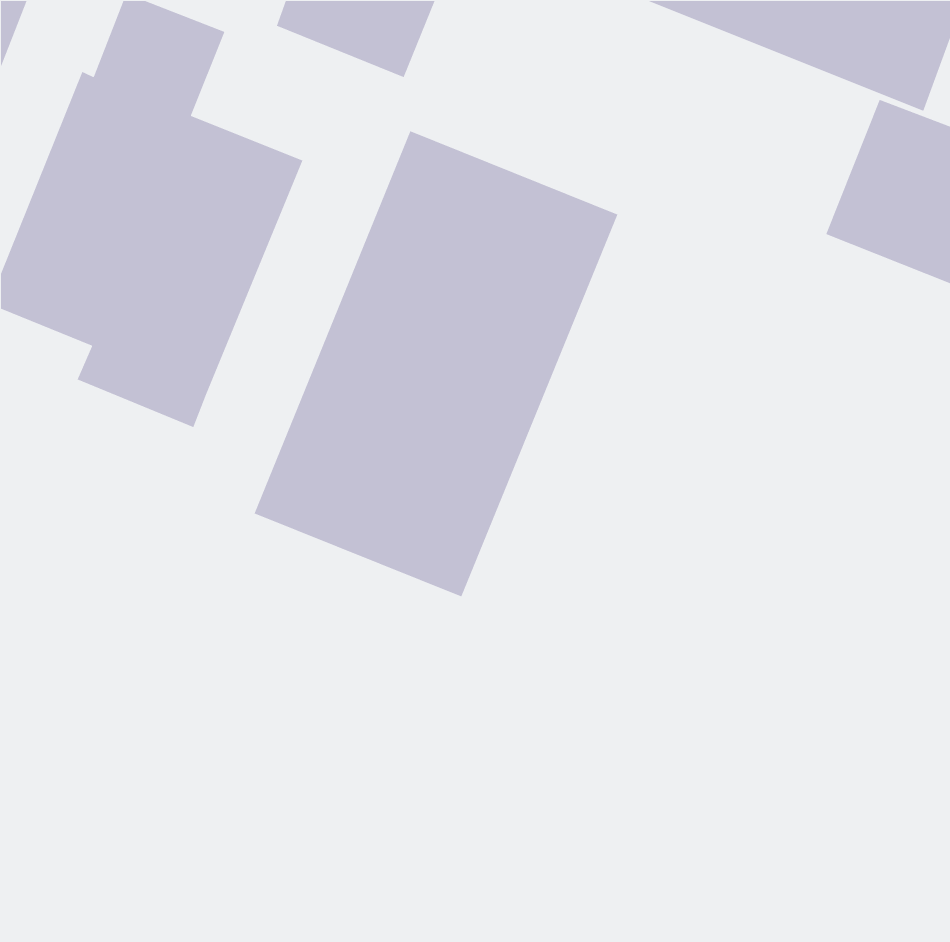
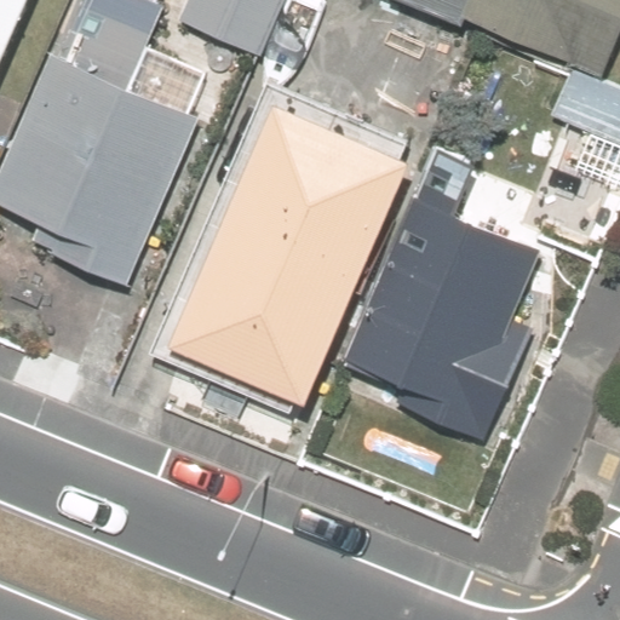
building: none -> [346,194,534,438]

